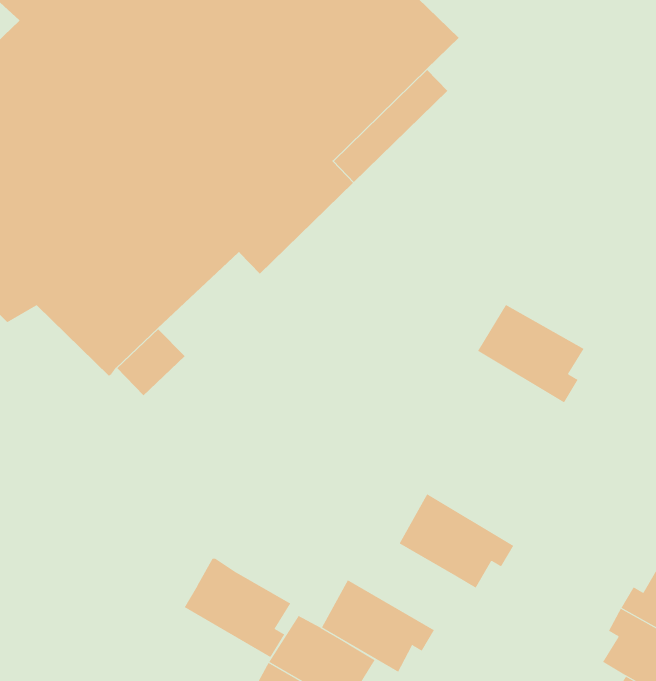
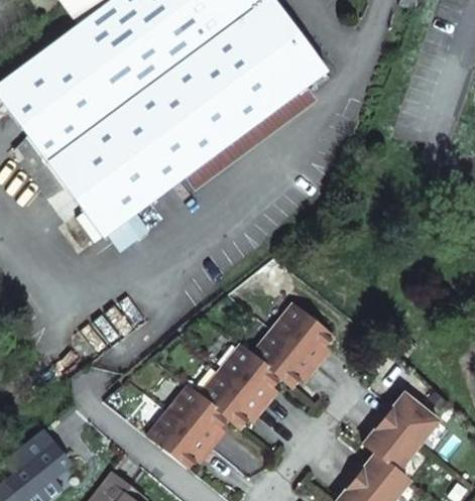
building: [477,304,585,403] -> [273,303,335,365]
building: [184,558,291,658] -> [221,345,282,406]

